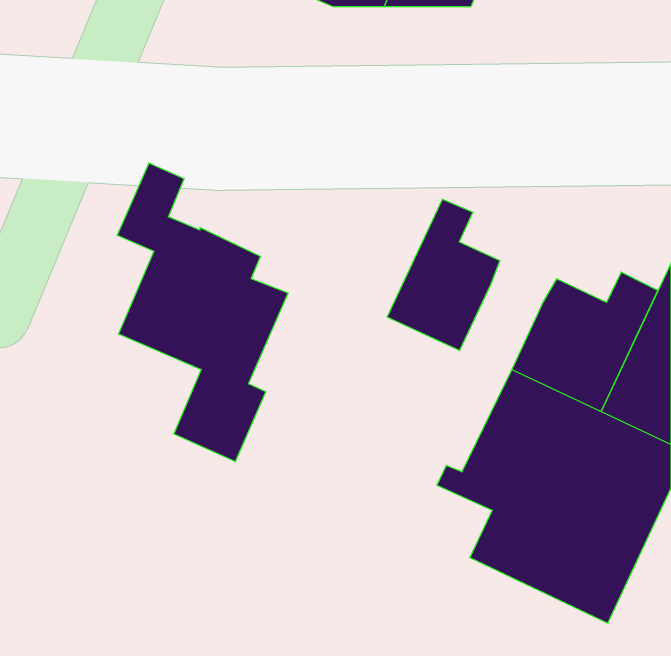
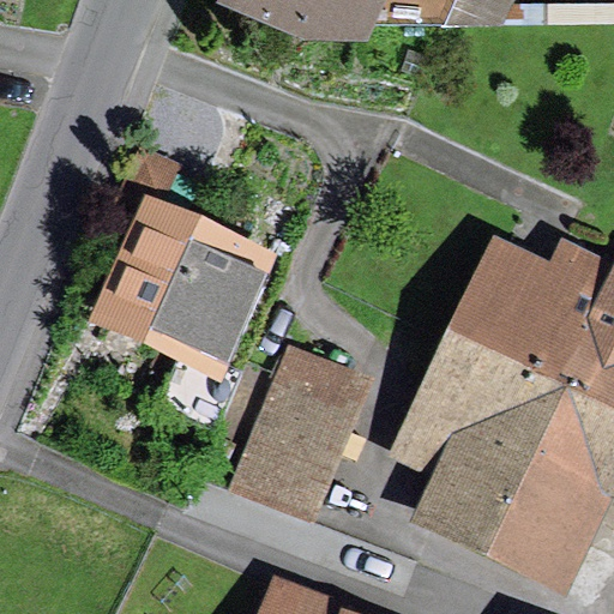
building: [387,199,500,351] -> none
building: none -> [241,349,353,504]

